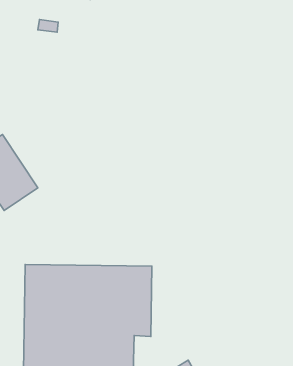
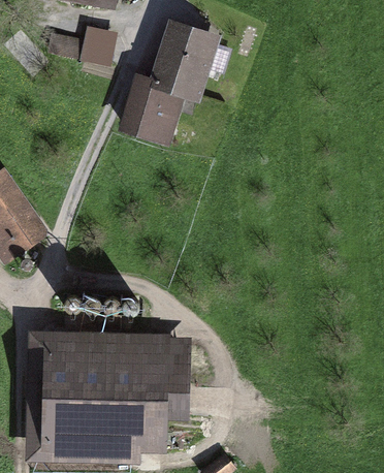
building: none -> [78,18,118,58]
building: none -> [119,21,219,146]

